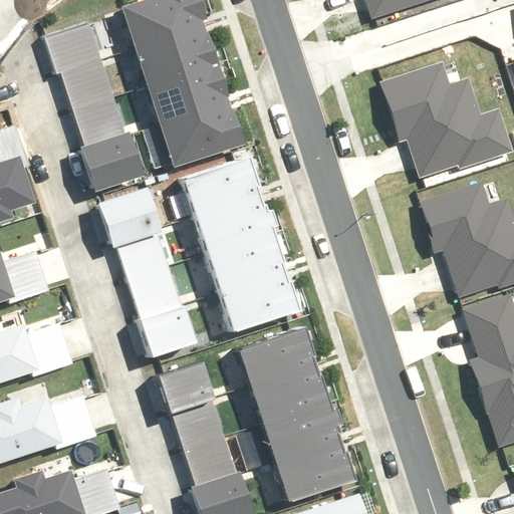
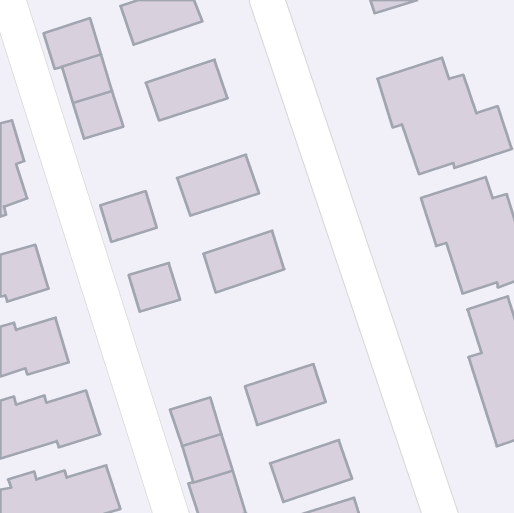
building: [136,25,216,86] -> none
building: [161,101,242,162] -> none
building: [82,130,139,186] -> none
building: [192,196,273,256] -> none
building: [119,230,171,277] -> none
building: [217,271,298,331] -> none
building: [138,301,195,356] -> none
building: [233,327,314,388] -> none
building: [155,363,212,413] -> none
building: [258,403,339,464] -> none

